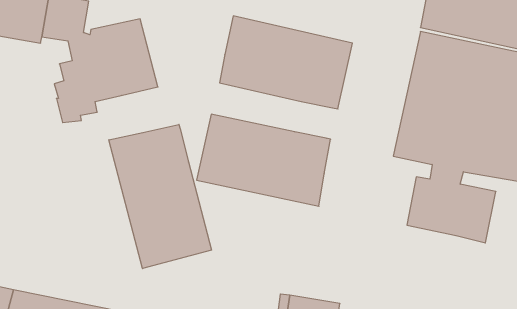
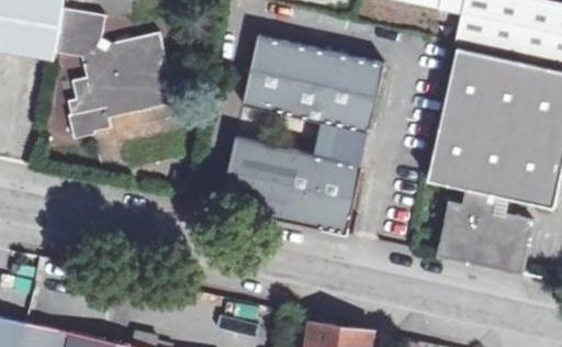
building: none -> [323,121,362,159]
building: [109,124,211,269] -> none

